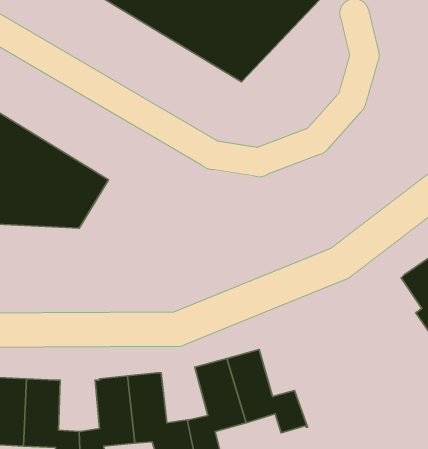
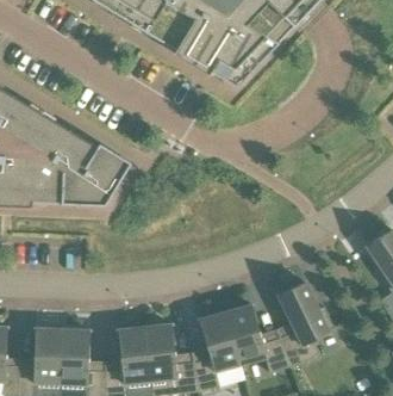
building: none -> [277,281,333,367]

